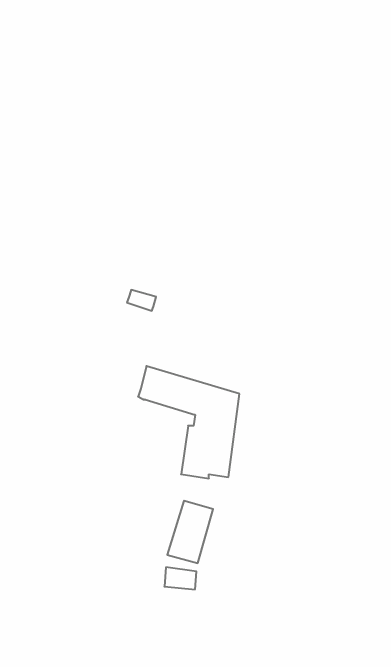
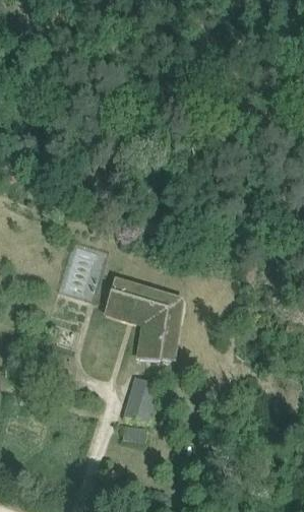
building: none -> [63,244,107,298]

